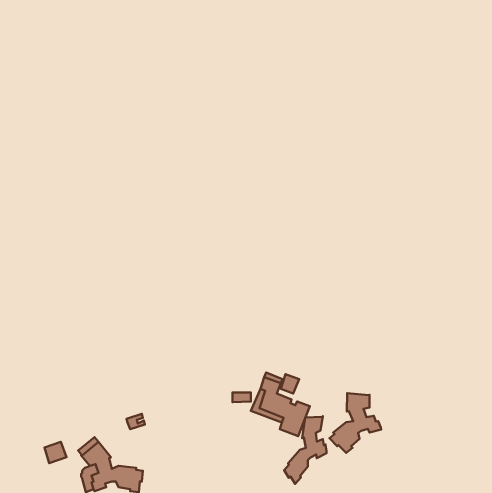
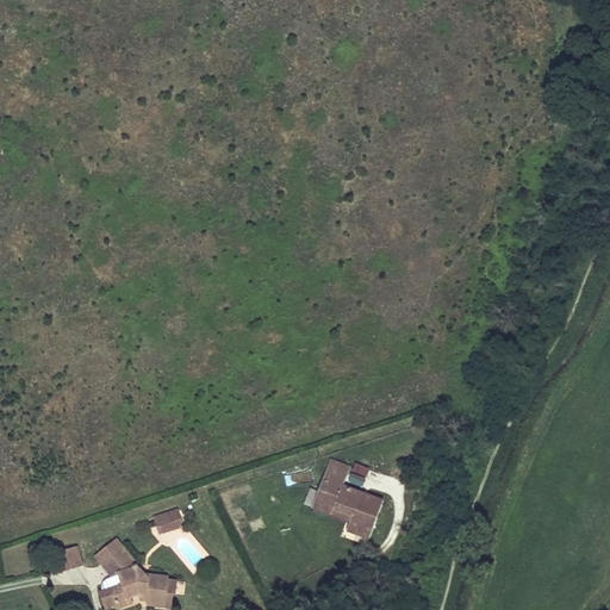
building: [330,393,381,453] -> none
building: [284,416,327,484] -> none

